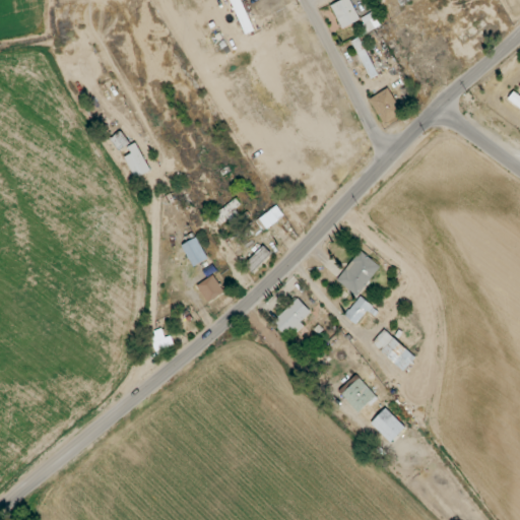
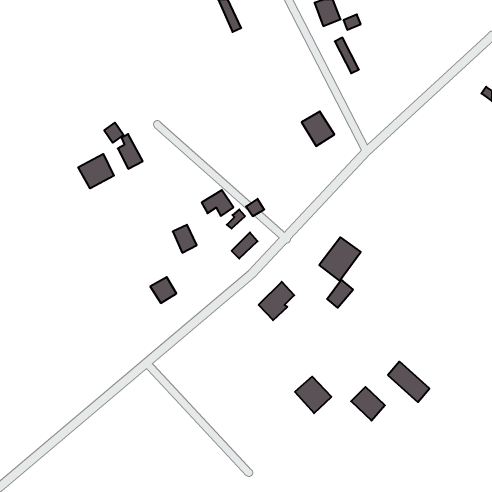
building: [368,87,402,124] -> [302,111,334,146]
building: none -> [78,154,114,188]
building: [196,274,223,302] -> [150,277,176,303]
building: [372,328,415,371] -> [388,362,429,402]
building: [337,374,376,412] -> [295,377,331,413]

